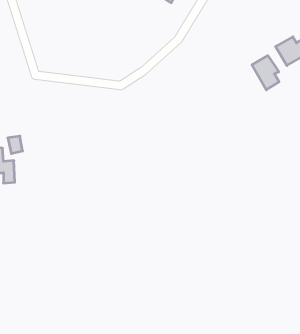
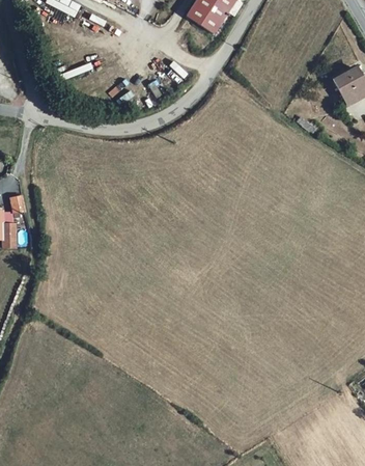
building: [252,56,279,90] -> none

